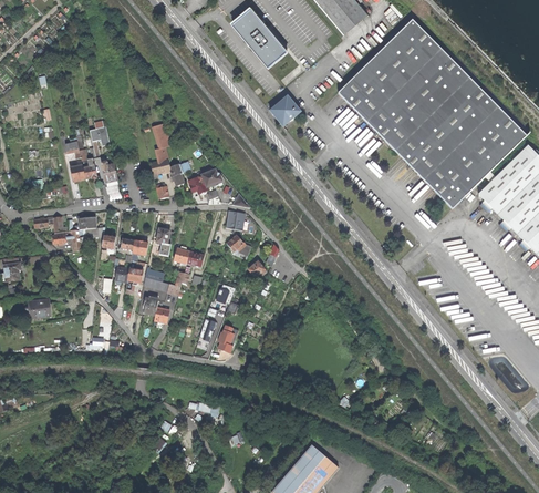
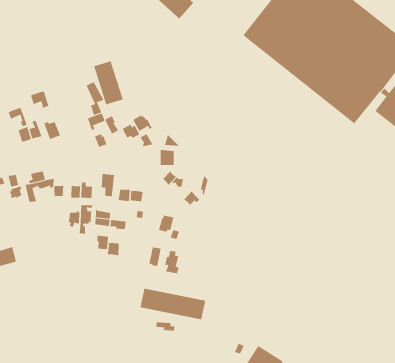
building: [270,95,300,126] -> none
building: none -> [94,61,123,105]
building: none -> [140,288,206,320]

